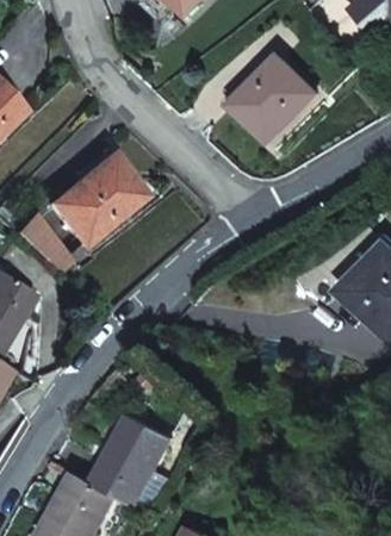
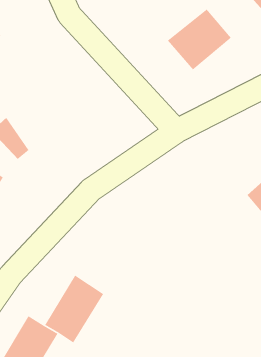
building: [46,154,142,243] -> none

